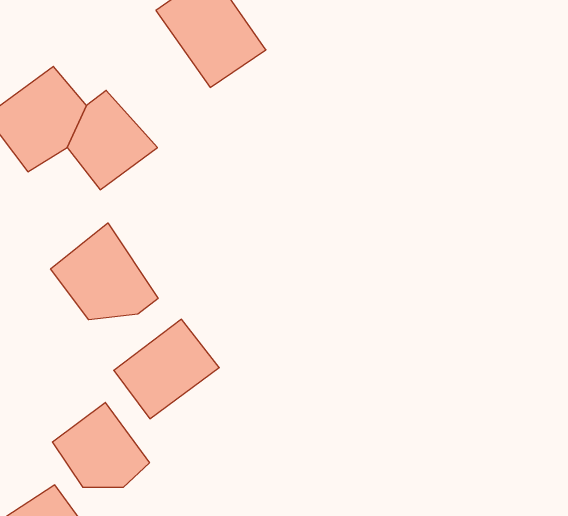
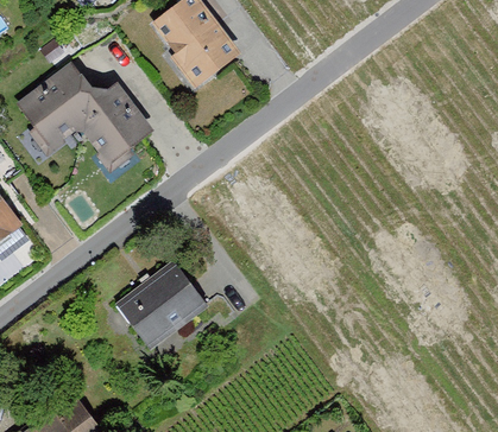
building: [51,223,158,320] -> none
building: [52,402,149,487] -> none

